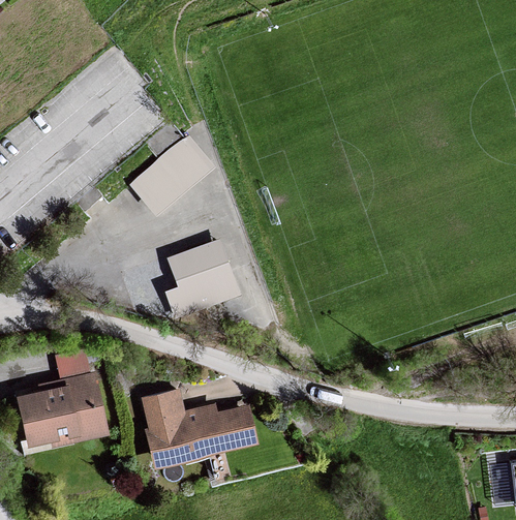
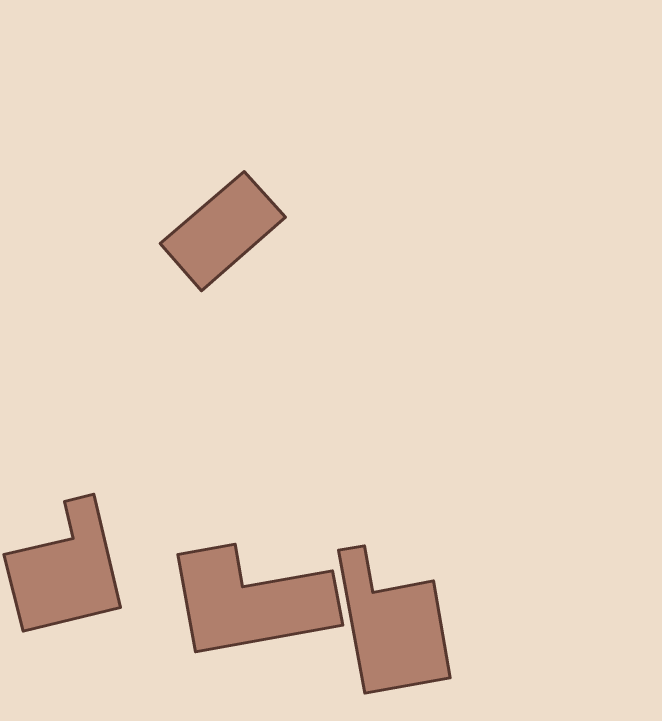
building: [164,231,243,316] -> none
building: none -> [338,546,450,693]

